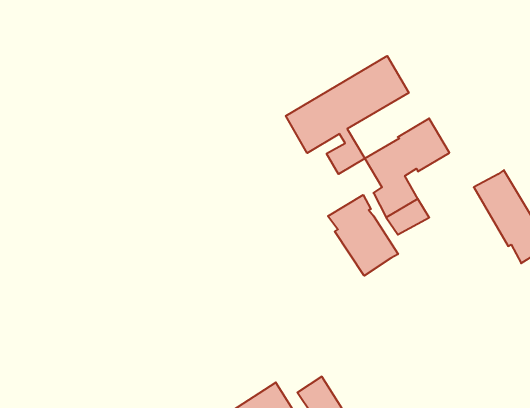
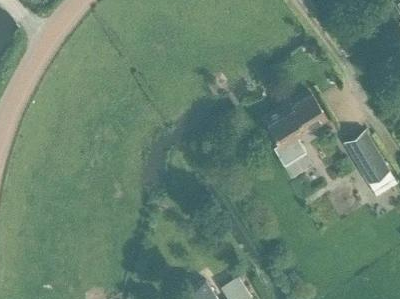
building: [286,56,409,174] -> none
building: [328,195,398,276] -> none

